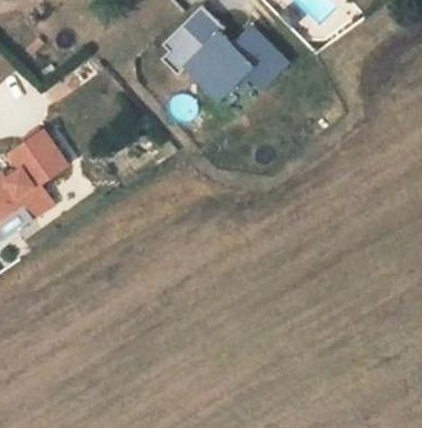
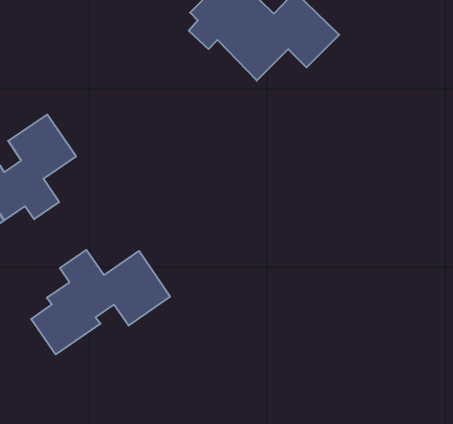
building: none -> [31,250,170,354]

